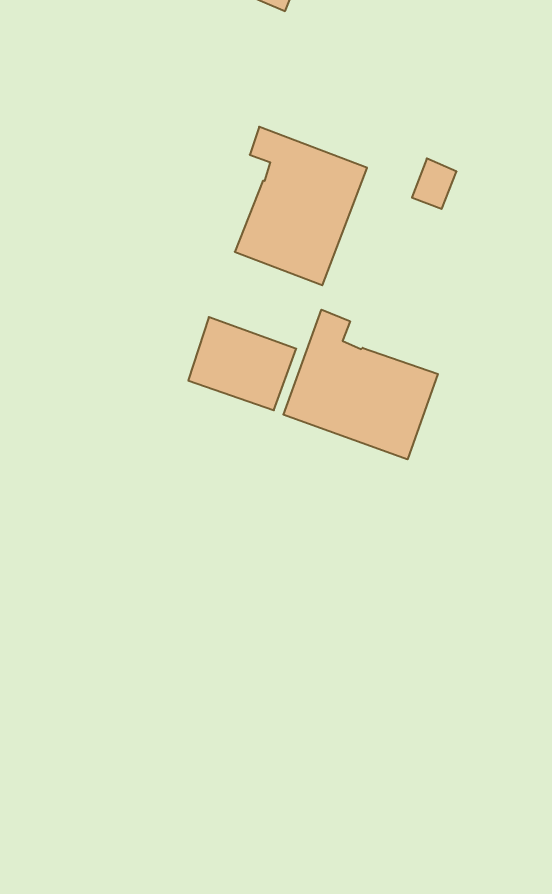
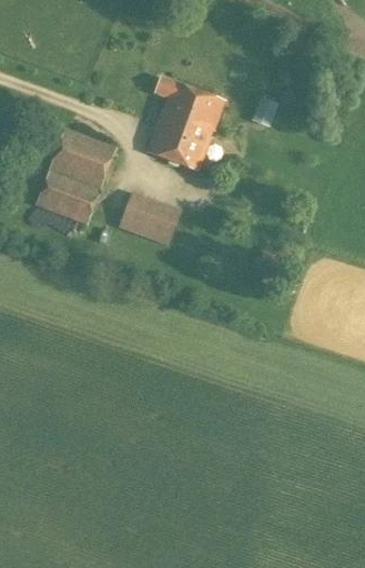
building: none -> [37,126,115,223]
building: [283,310,438,459] -> none

